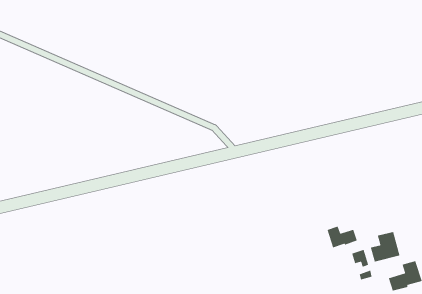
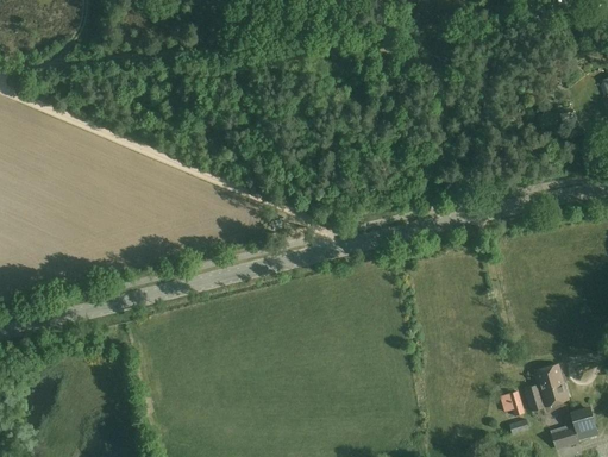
building: [327,225,358,248] -> none

